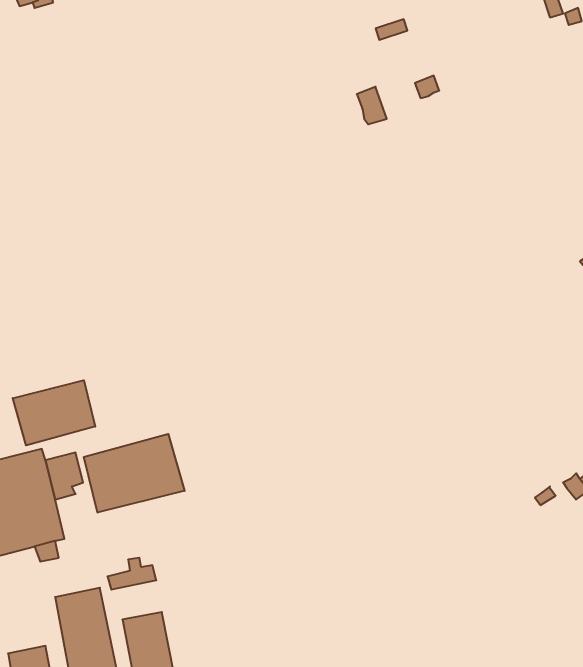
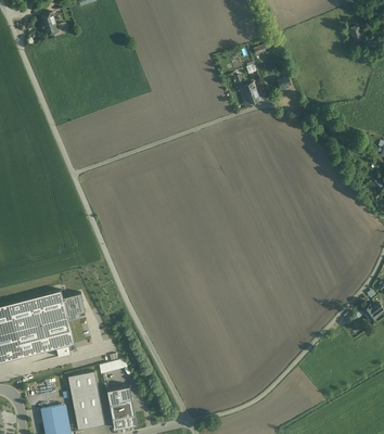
building: [13,380,95,445] -> none
building: [84,434,185,513] -> none

